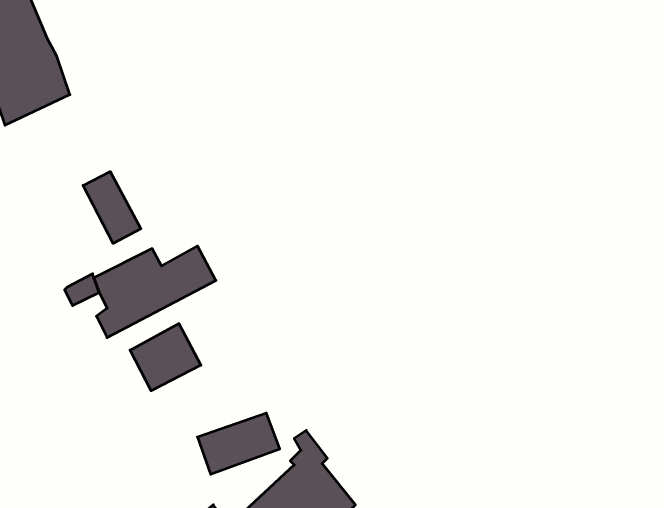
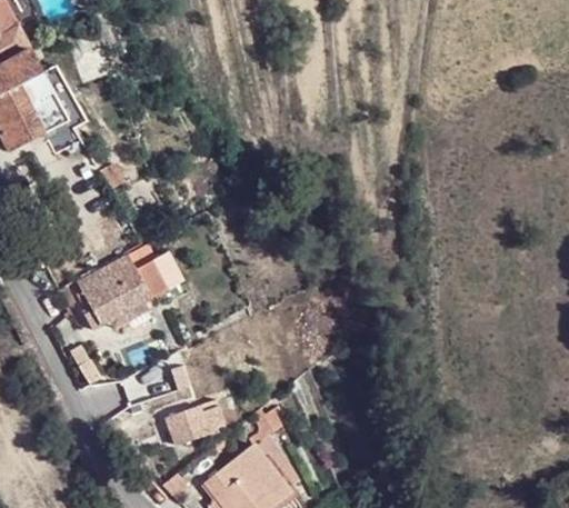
building: [83,172,141,243] -> none
building: [130,324,201,391] -> none

